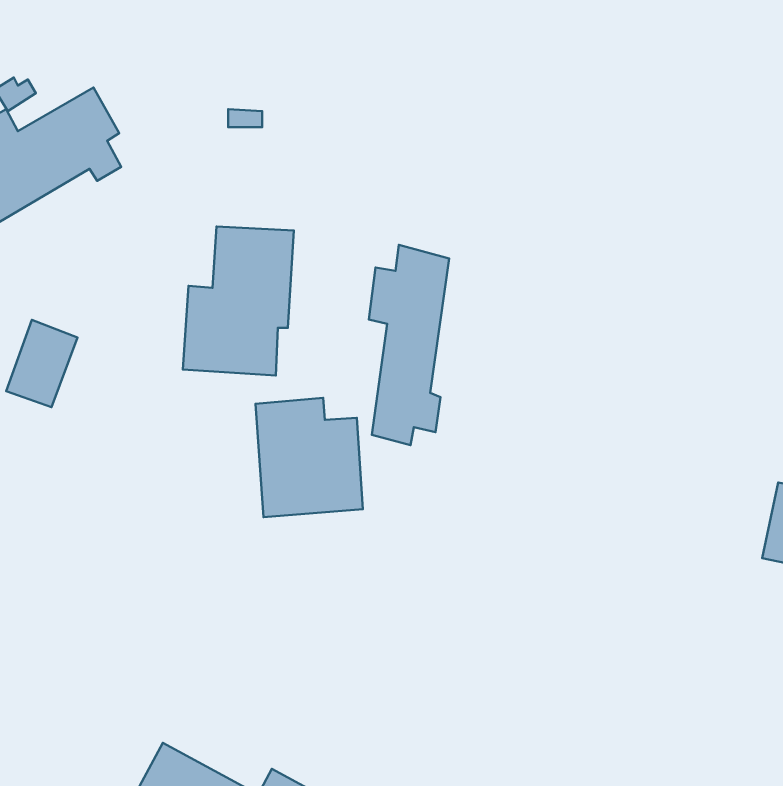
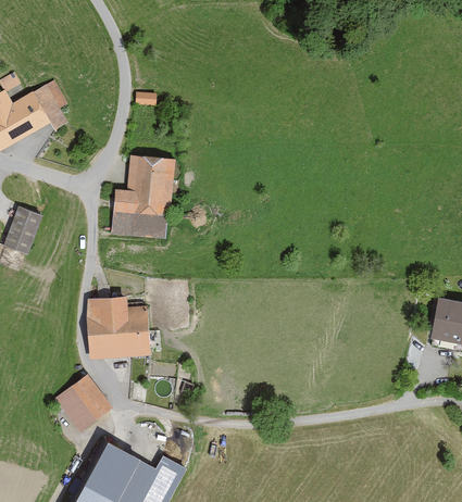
building: [369,245,449,445] -> none
building: [256,398,363,517] -> [85,294,143,360]
building: none -> [52,375,108,430]

